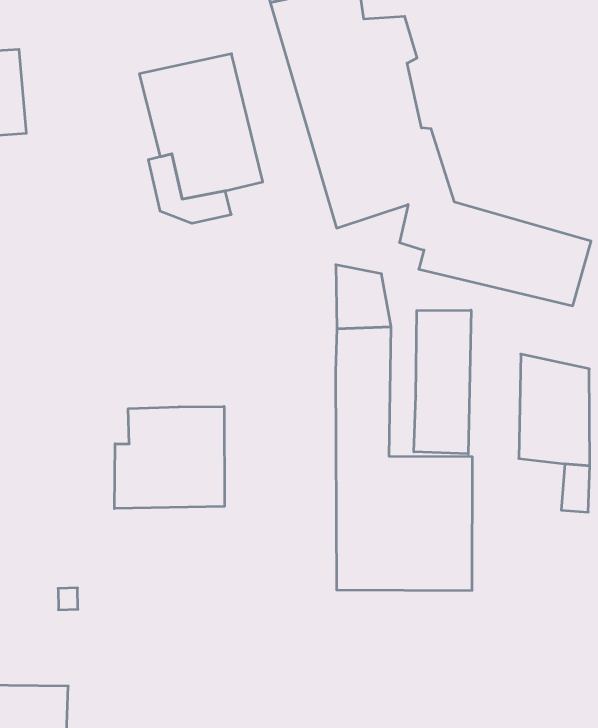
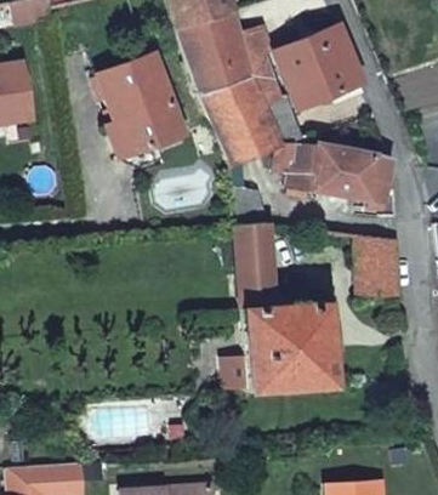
building: none -> [273,25,359,106]
building: [414,310,471,454] -> none
building: [114,406,224,509] -> none

